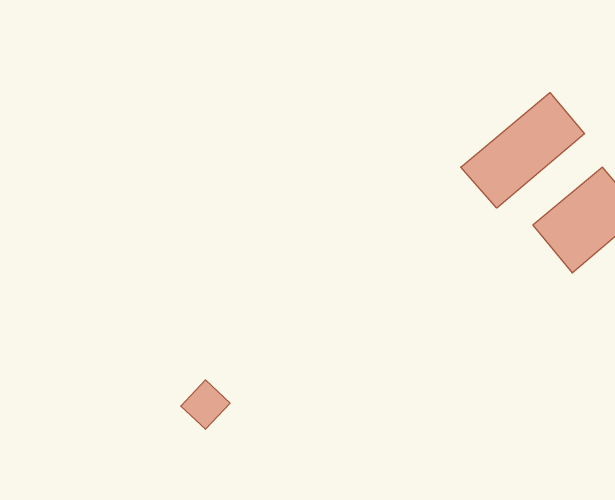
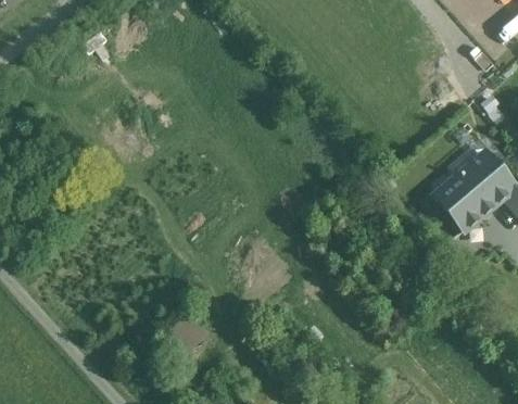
building: [461,93,585,208] -> none

